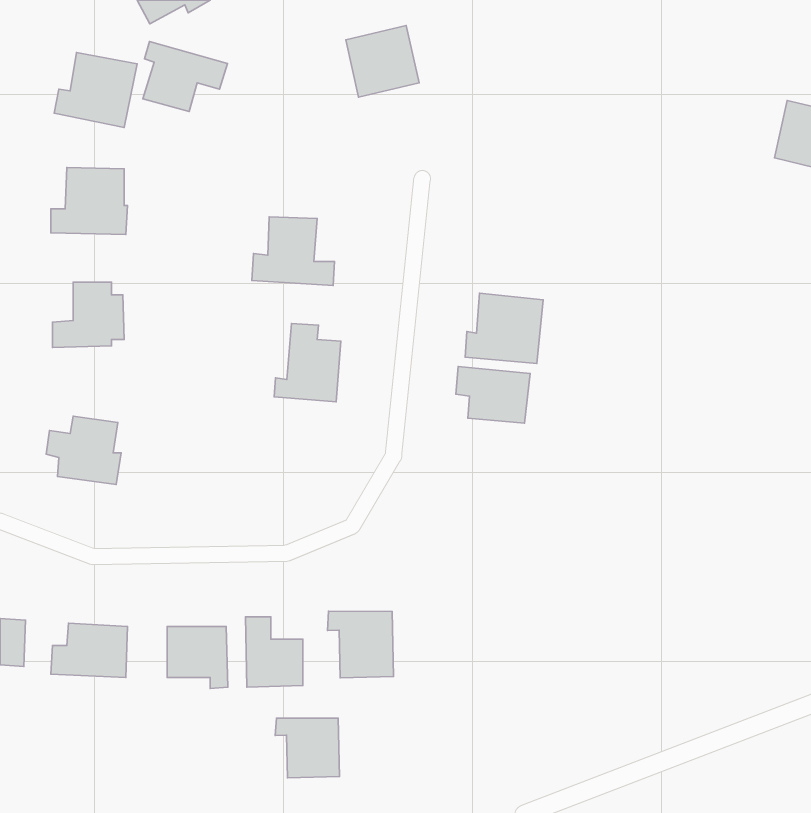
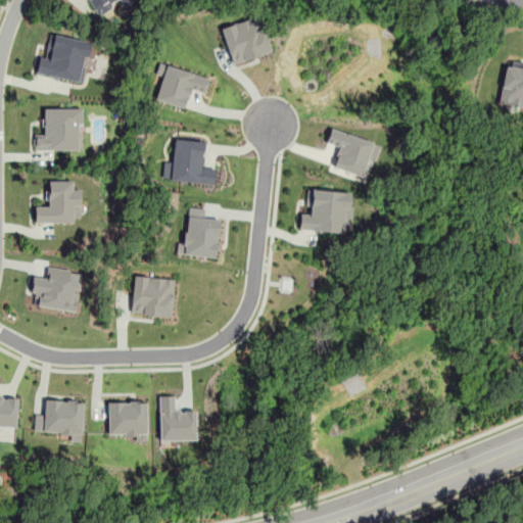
building: [143,41,227,111] -> [156,63,210,108]
building: none -> [327,129,373,179]
building: [456,366,530,423] -> none
building: none -> [133,277,176,317]
building: [327,611,394,678] -> none
building: [275,718,340,778] -> none

